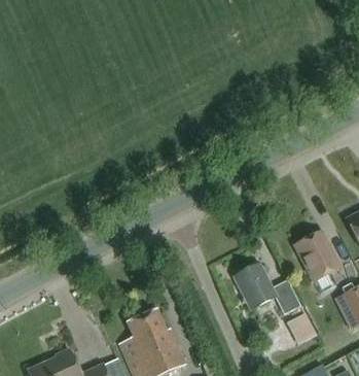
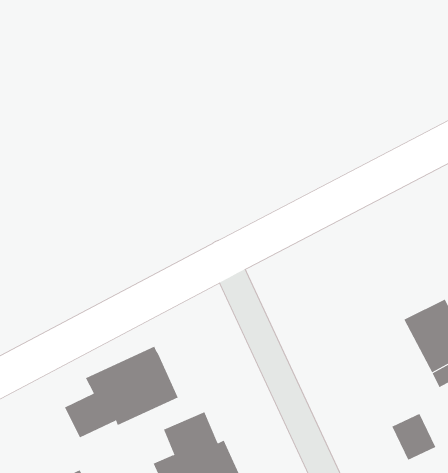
building: none -> [64,346,179,438]
building: [234,263,300,313] -> none

